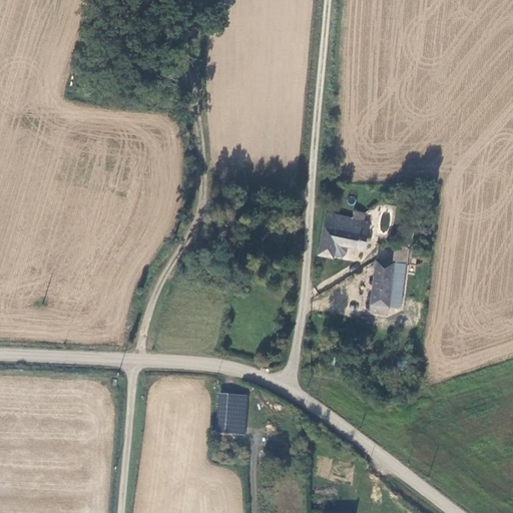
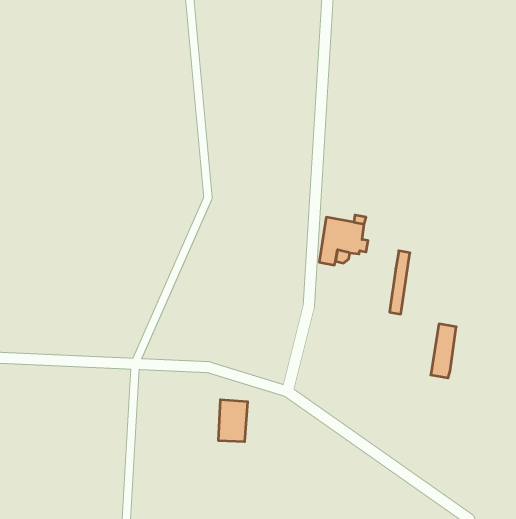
building: [369,261,394,314] -> [431,324,456,378]

